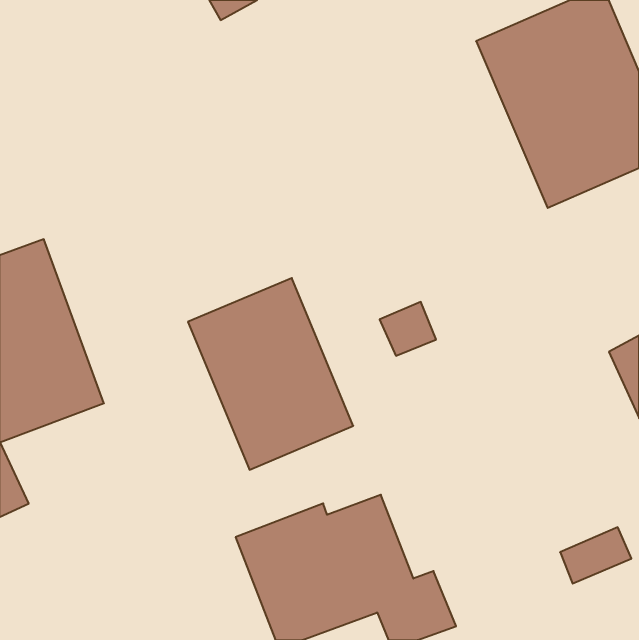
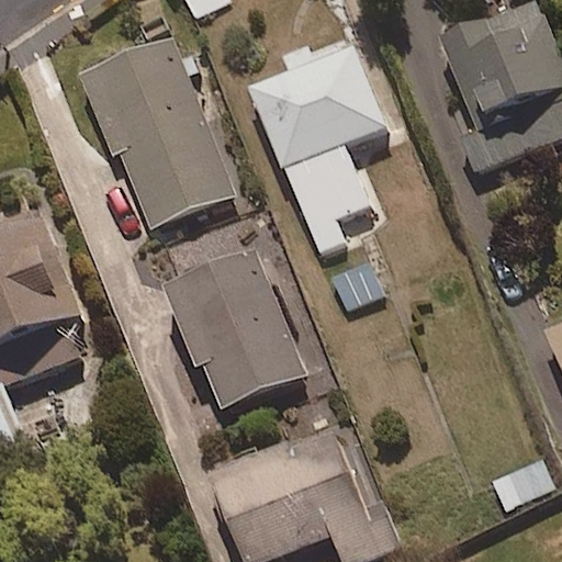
building: none -> [71,32,236,229]
building: none -> [249,41,390,258]

